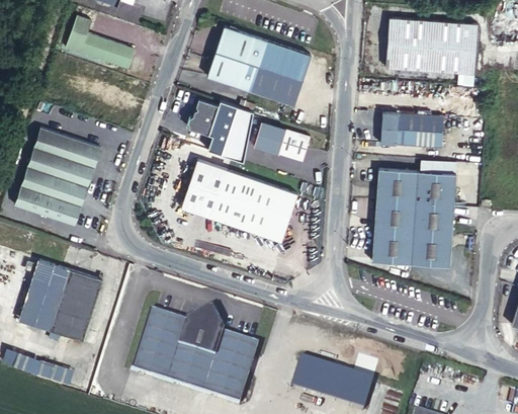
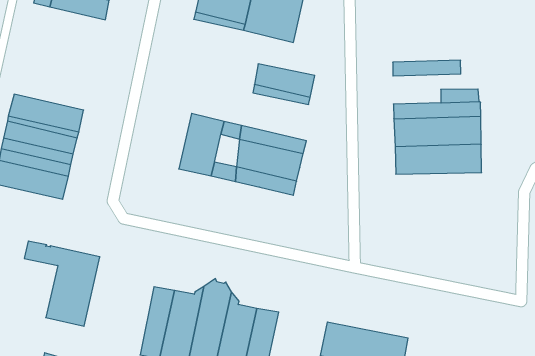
building: [189,98,253,161] -> none
building: [381,111,443,135] -> none
building: [213,180,238,211] -> none
building: [372,231,451,265] -> none
building: [20,274,65,329] -> none

